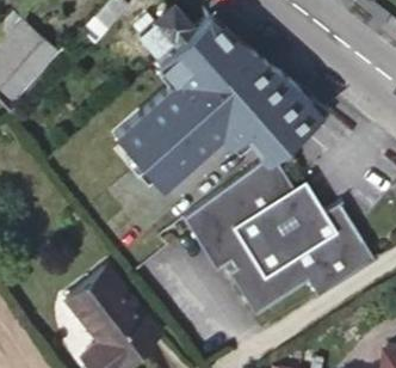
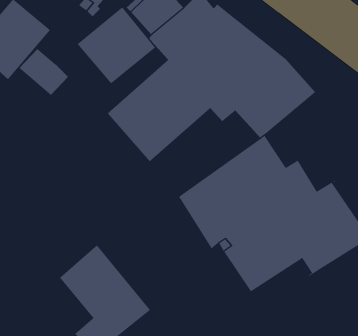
building: none -> [77,6,156,84]
building: none -> [18,48,69,96]

